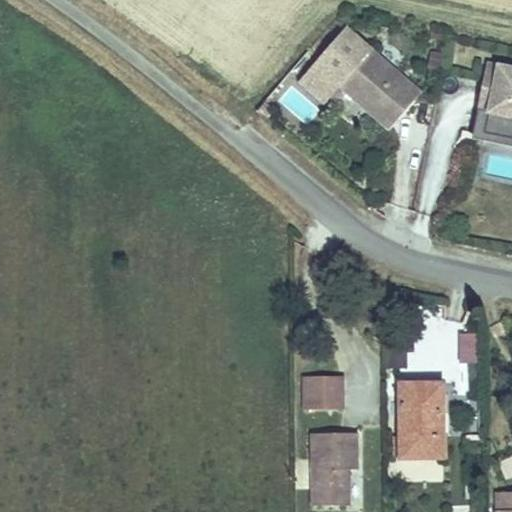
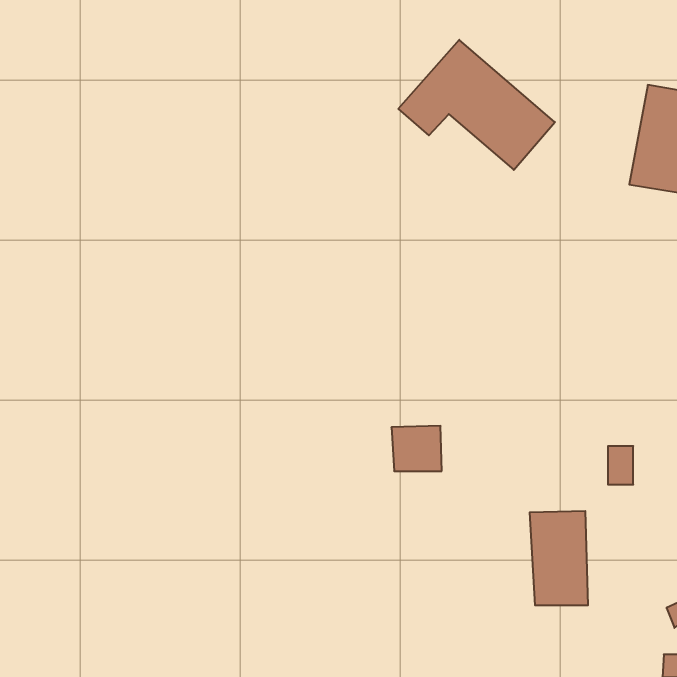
building: [302,371,340,405] -> [391,426,442,471]
building: [310,430,355,500] -> none

